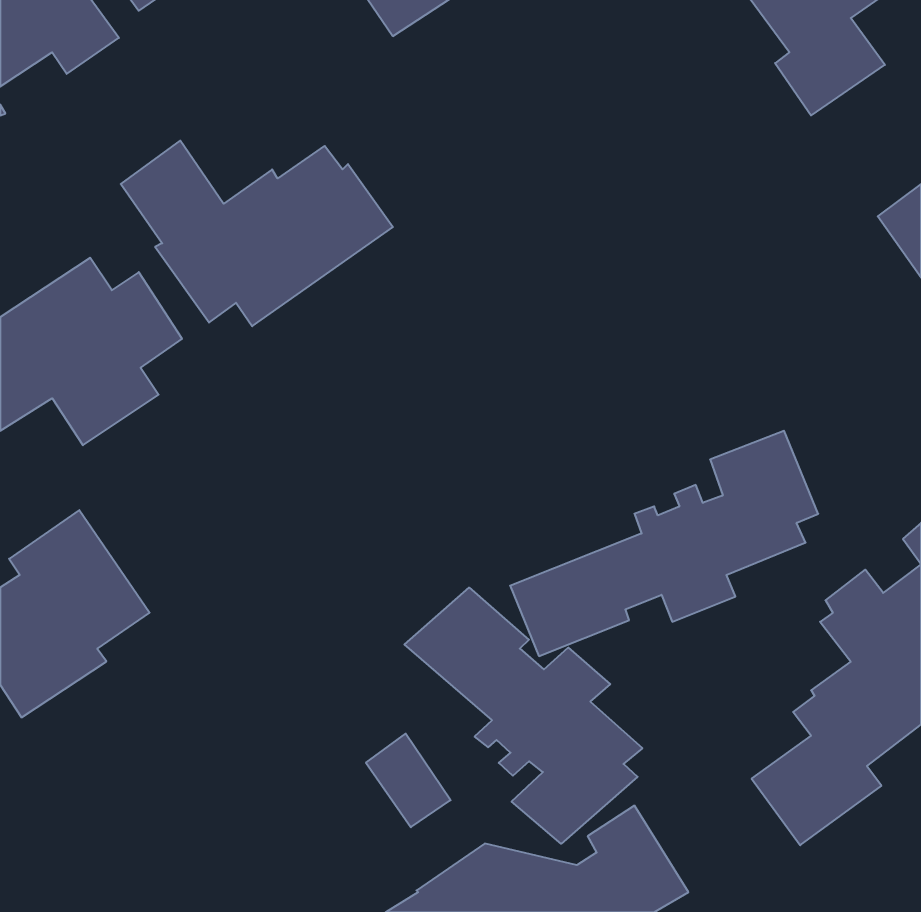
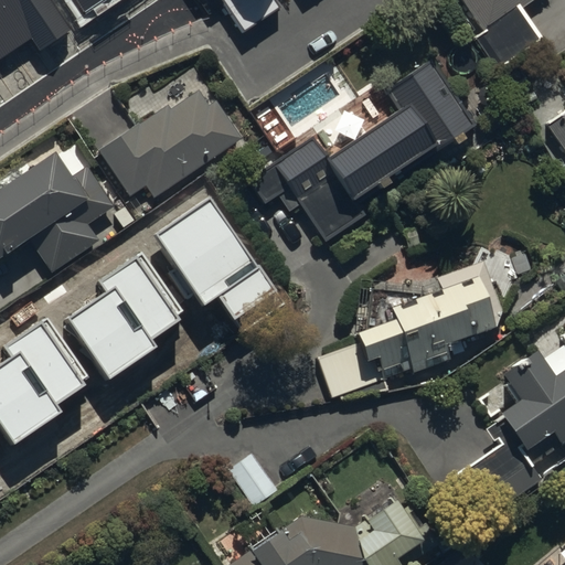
building: none -> [245,63,470,243]
building: none -> [154,192,277,315]
building: none -> [67,247,186,374]
building: [404,588,642,844] -> none

